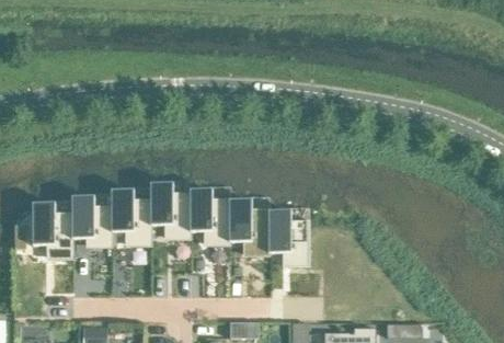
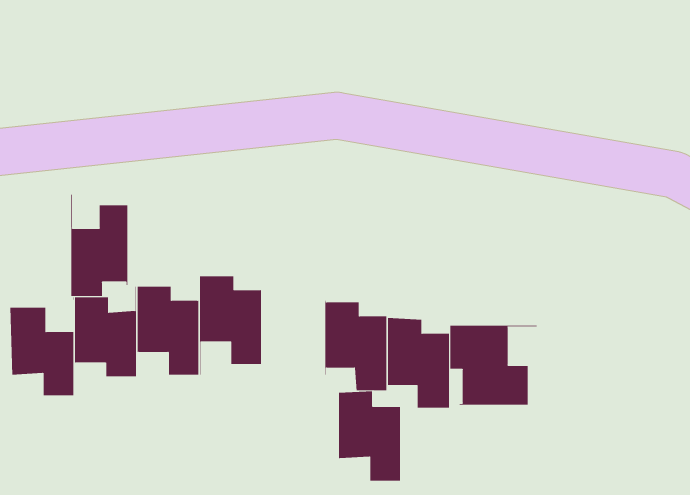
building: none -> [71,194,128,297]
building: [190,188,229,245] -> [338,391,401,481]
building: none -> [450,325,537,405]

